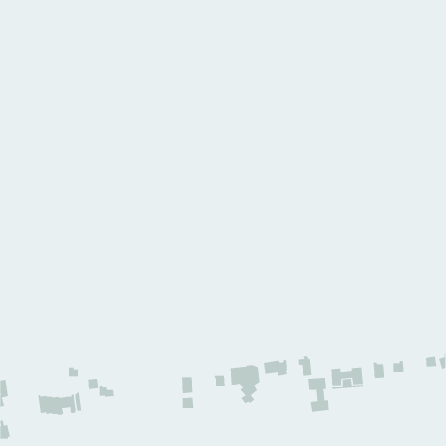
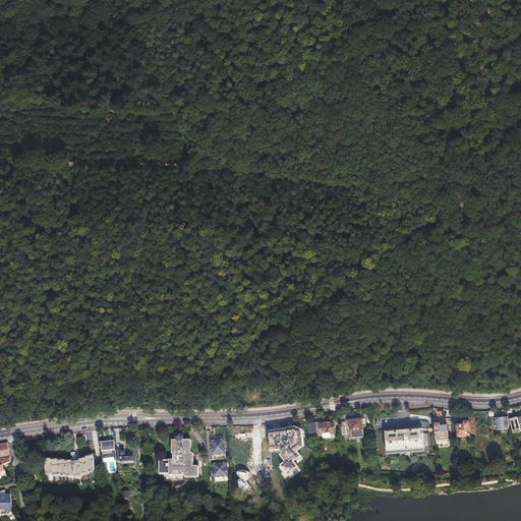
building: [308,377,329,413] -> none
building: none -> [158,440,197,476]

